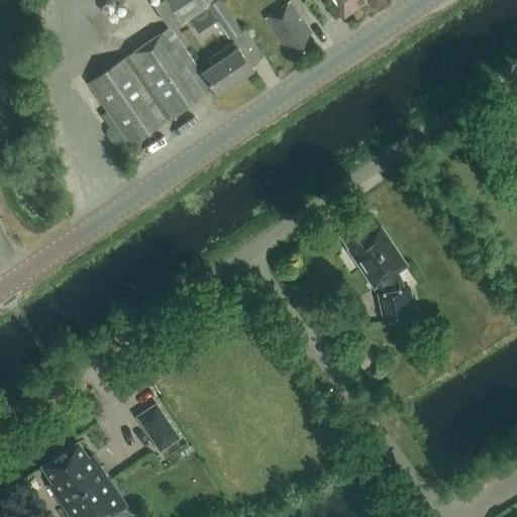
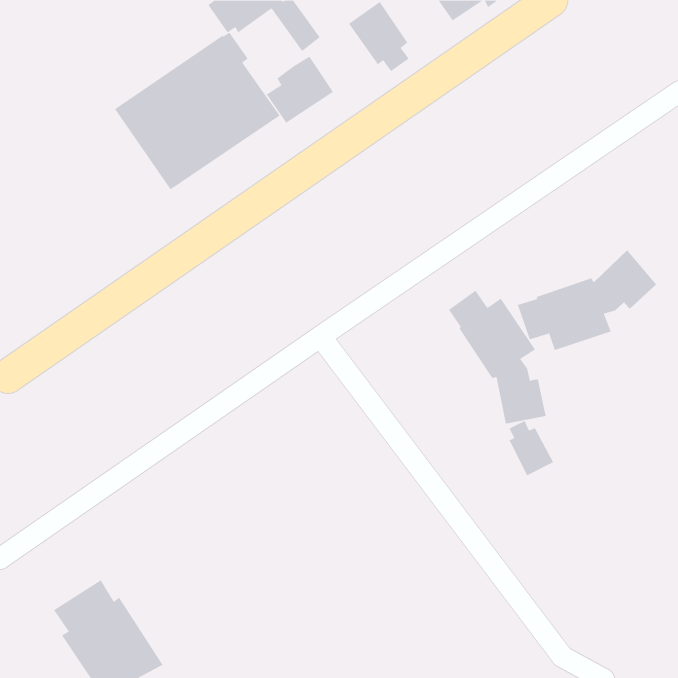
building: none -> [517,250,657,351]
building: none -> [509,420,554,476]
building: [138,405,177,448] -> none

